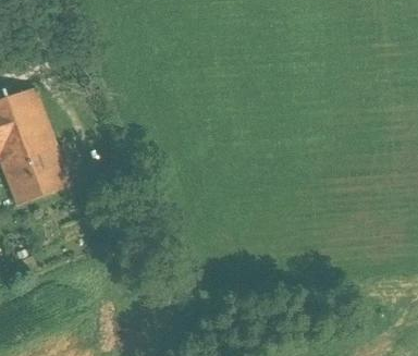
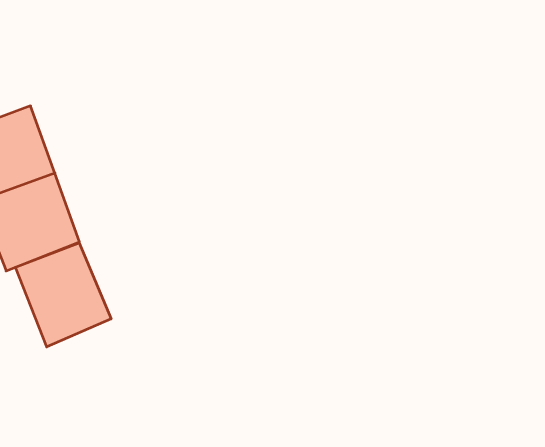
building: none -> [15,243,111,347]

